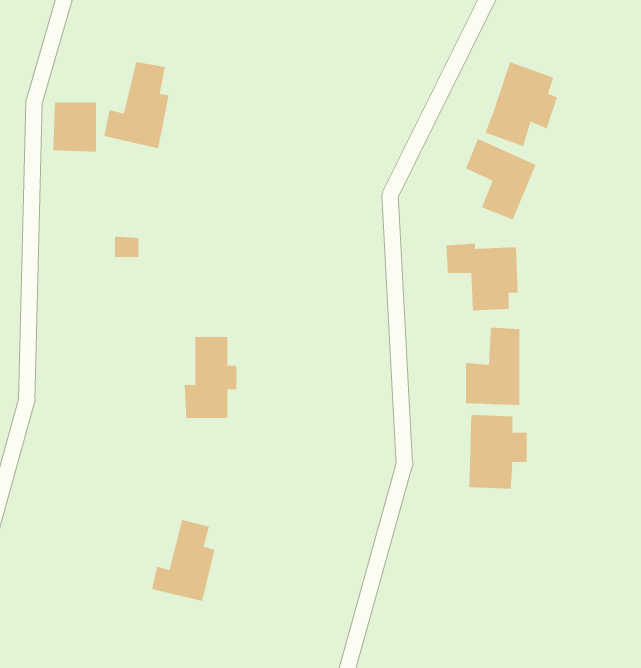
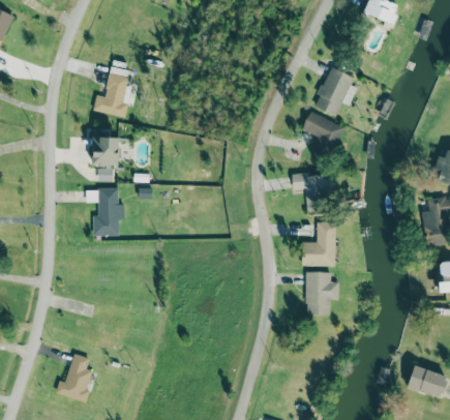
building: [52,102,97,152] -> [93,137,119,166]
building: [184,337,237,418] -> [93,187,124,235]
building: [151,519,215,601] -> [56,353,93,400]

